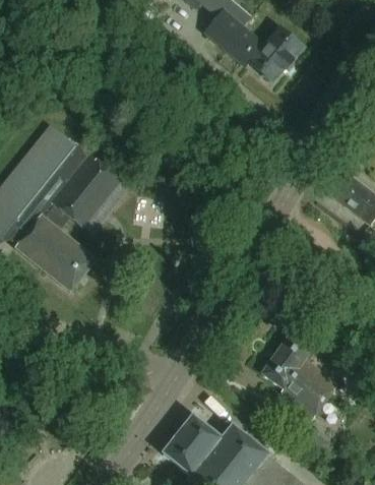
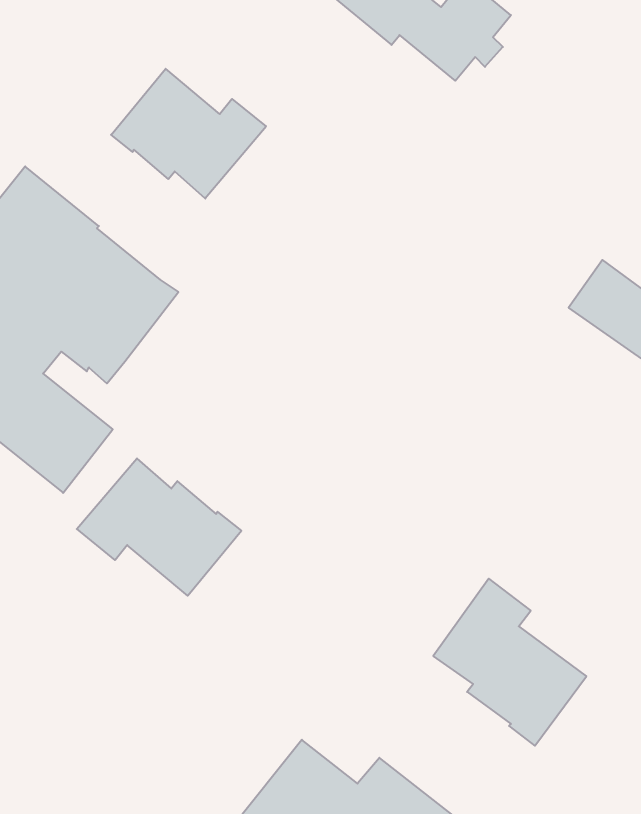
building: none -> [111,69,266,199]
building: none -> [77,458,241,596]

